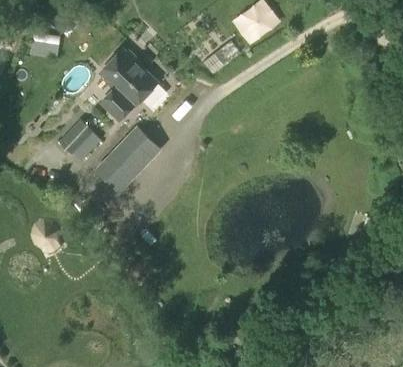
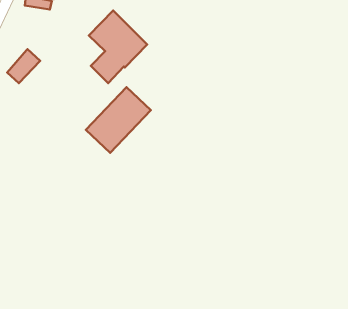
building: [60,120,94,155] -> [7,49,40,83]

